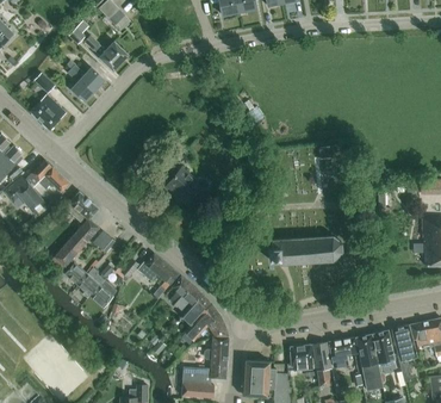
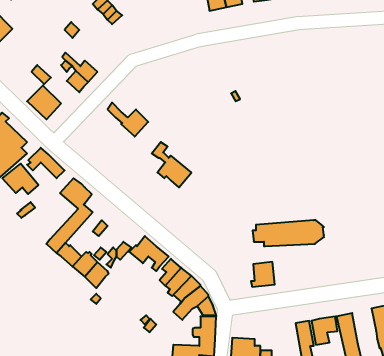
building: [85,35,128,70] -> [108,103,148,137]
building: [372,330,396,366] -> none
building: [287,345,312,371] -> [251,262,275,287]

